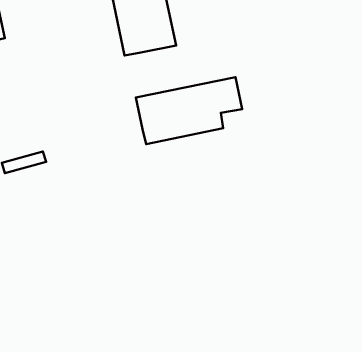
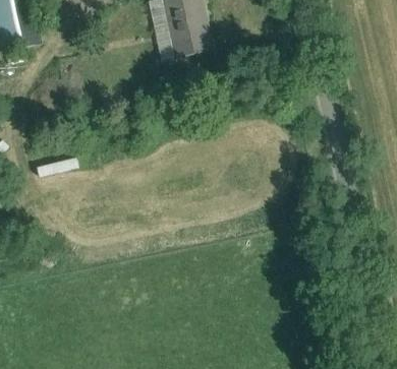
building: [136,77,242,144] -> none

